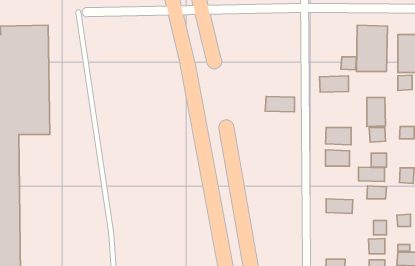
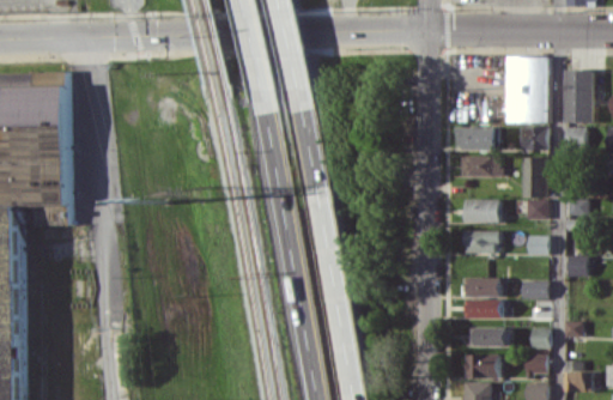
building: none -> [518,127,546,150]
building: [265,96,294,112] -> [460,154,500,176]
building: [359,167,384,182] -> [463,277,499,297]
building: none -> [469,327,506,346]
building: none -> [465,353,498,377]

